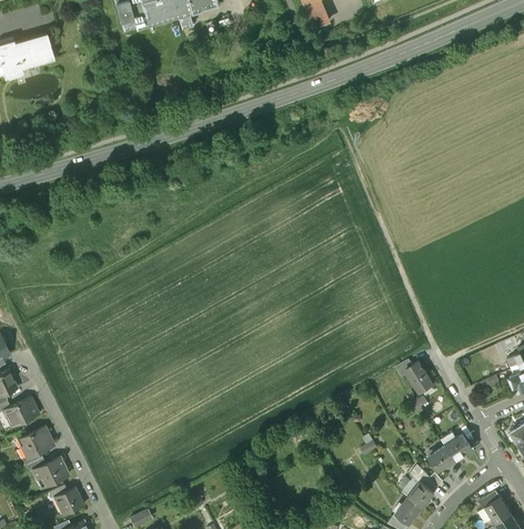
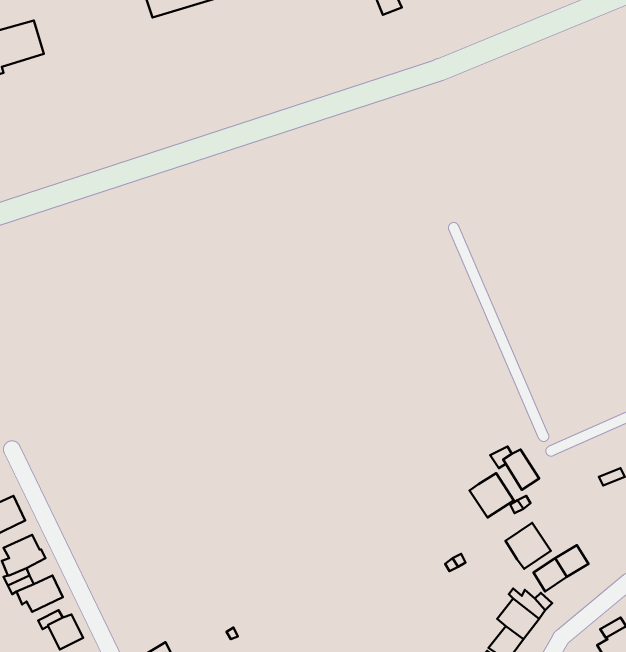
building: none -> [470,473,514,518]
building: none -> [505,523,551,569]

